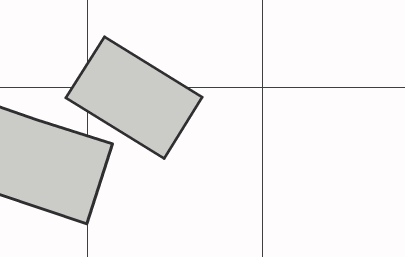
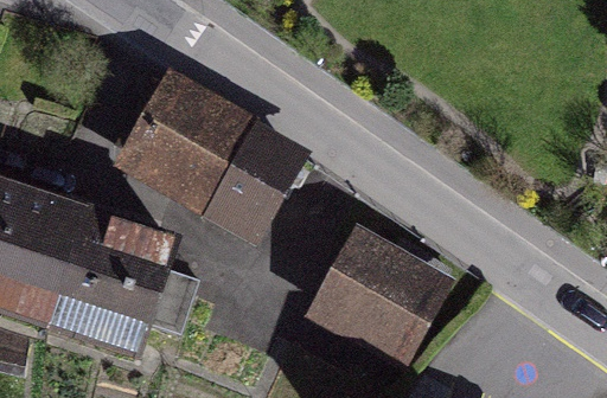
building: none -> [299,231,452,375]

